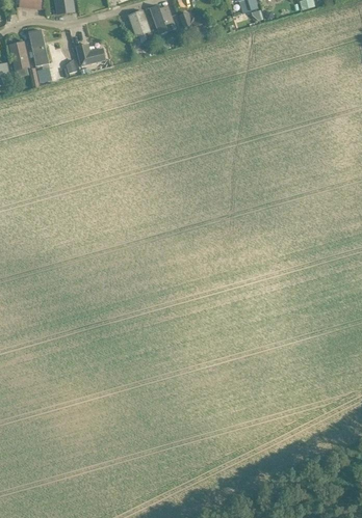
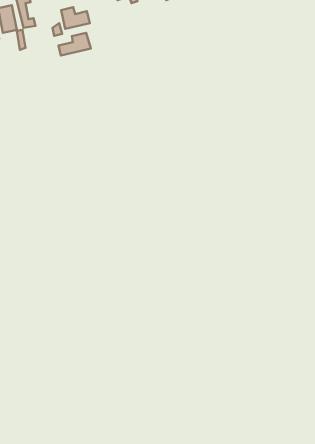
building: none -> [59,33,91,56]

